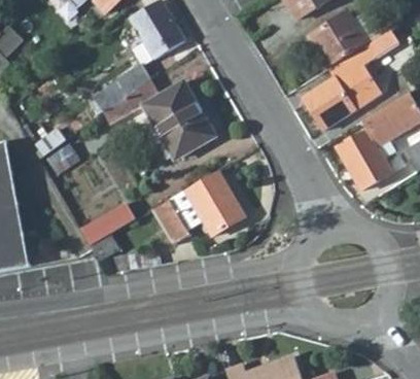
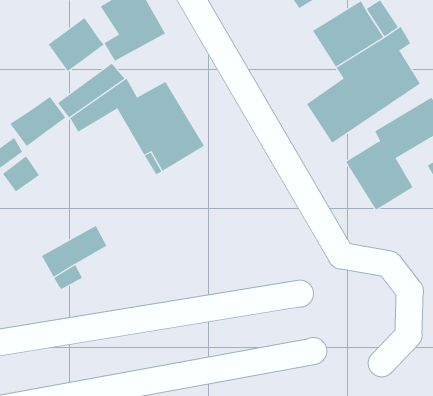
building: none -> [48,17,105,72]
building: none -> [10,96,66,147]
building: [140,169,246,244] -> none

